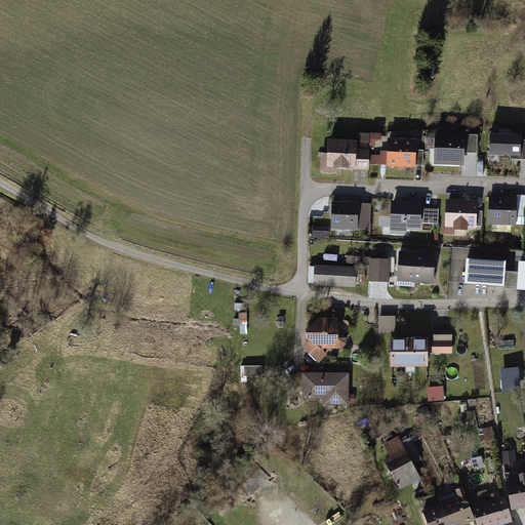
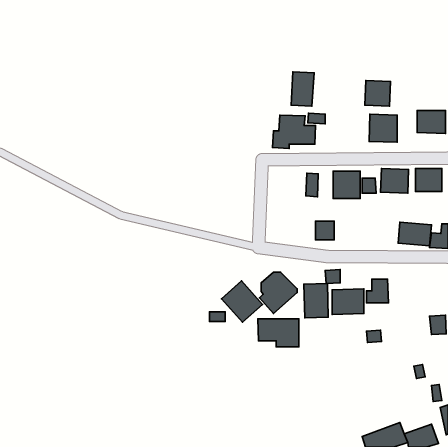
building: none -> [291,72,314,106]
building: [387,139,416,169] -> [365,81,390,106]
building: [332,201,359,229] -> none
building: [396,251,435,280] -> none
building: [316,265,357,286] -> none
building: none -> [222,281,263,322]
building: none -> [304,284,328,318]
building: [383,435,422,490] -> none

